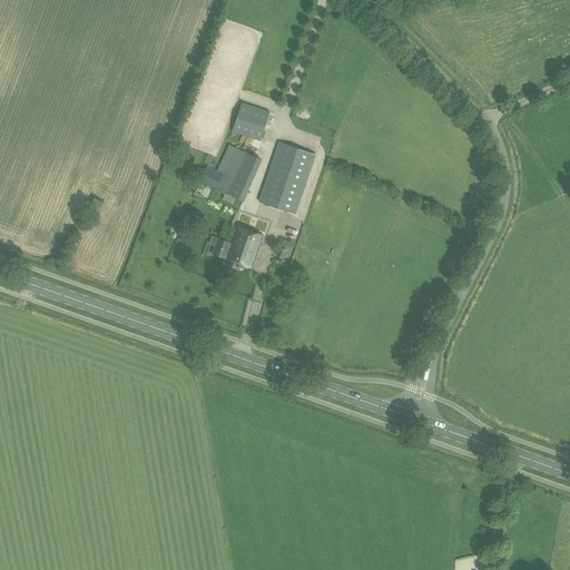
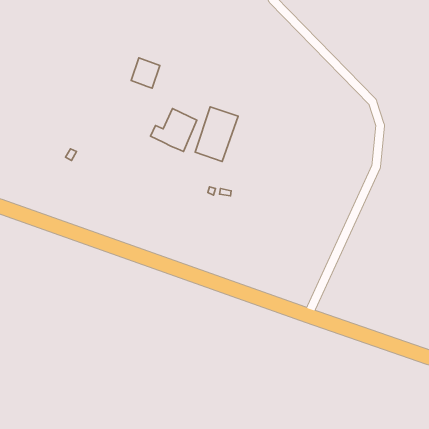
building: [232,101,269,141] -> [131,58,160,88]
building: [212,225,263,267] -> none

